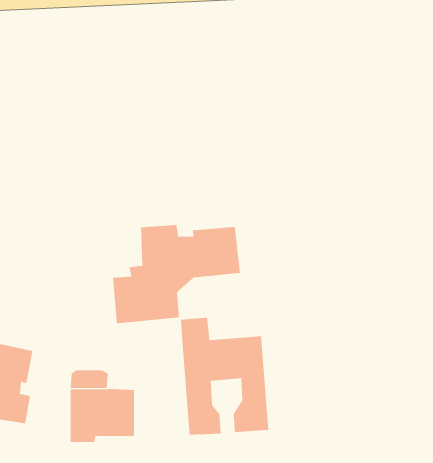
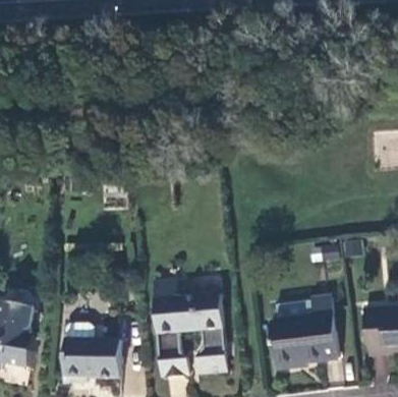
building: [113,224,241,324] -> none
building: none -> [270,295,337,363]

